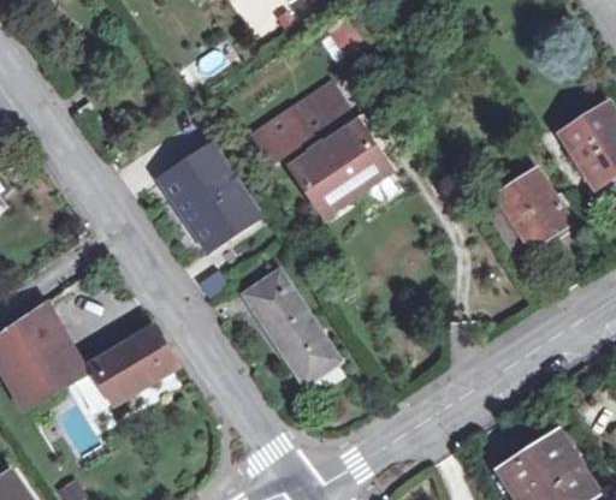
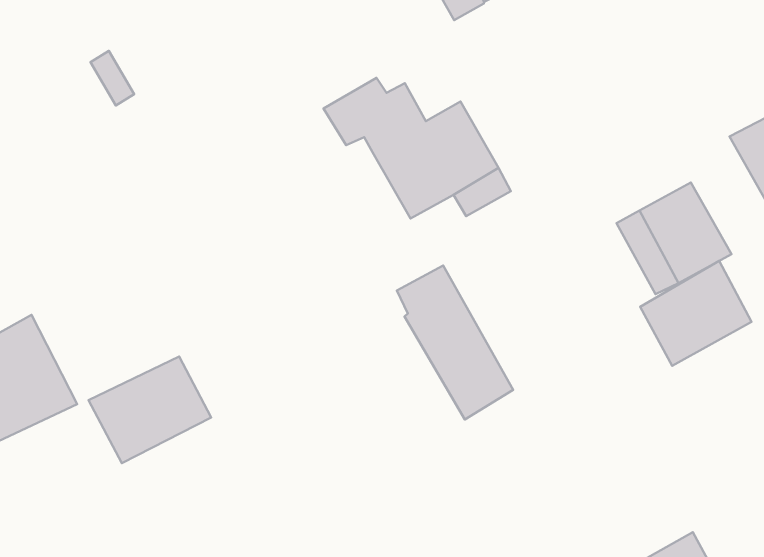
building: [290,81,355,137] -> none
building: [161,145,256,244] -> none
building: none -> [640,261,752,366]
building: [244,268,338,383] -> [397,265,513,419]

